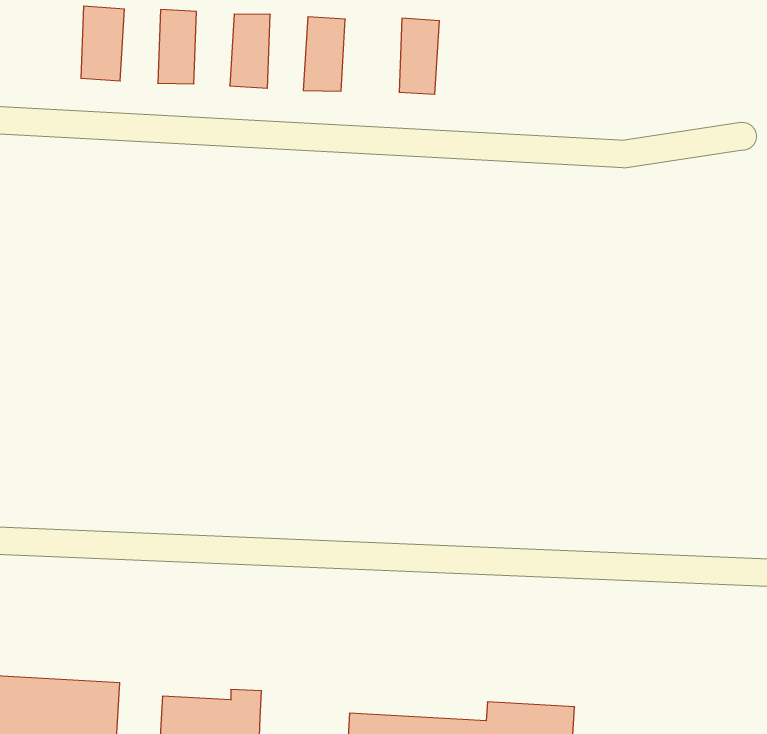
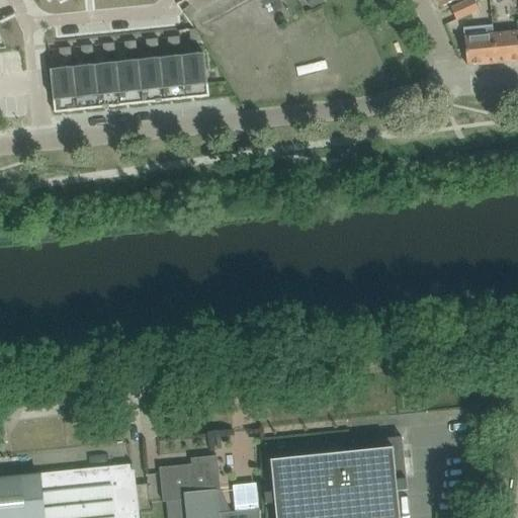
building: none -> [74,64,100,109]
building: none -> [116,60,143,104]
building: [399,18,439,94] -> [160,55,186,100]

